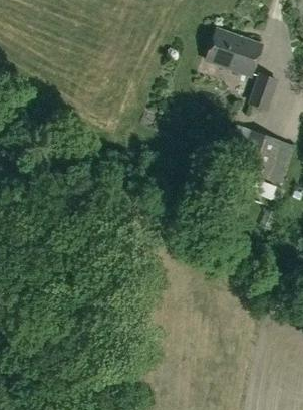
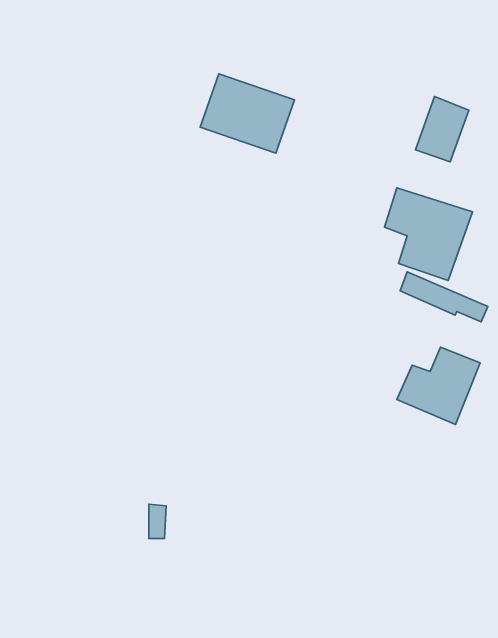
building: [208,30,263,76] -> [200,74,295,153]
building: none -> [397,347,480,425]

